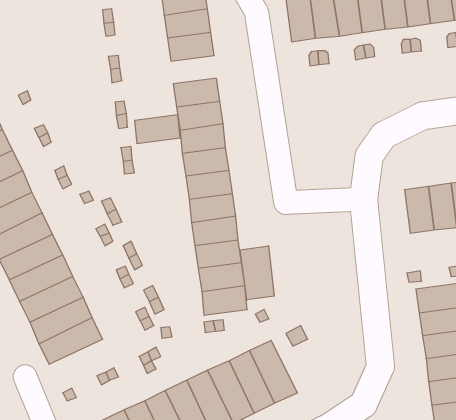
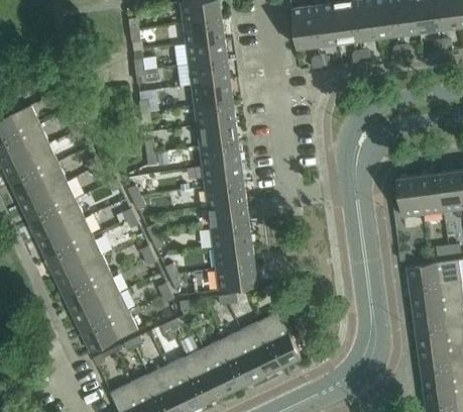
building: [135,115,180,143] -> [189,60,229,85]
building: [240,246,274,300] -> none
building: none -> [81,311,137,352]

